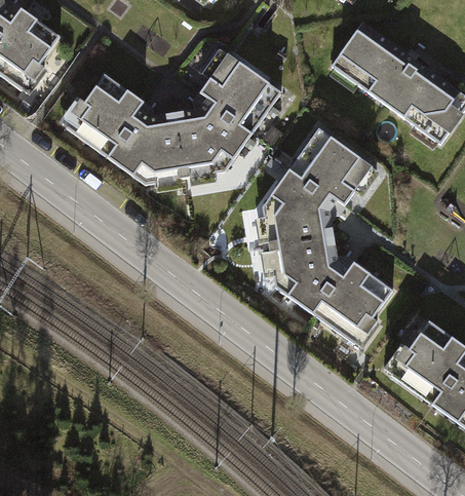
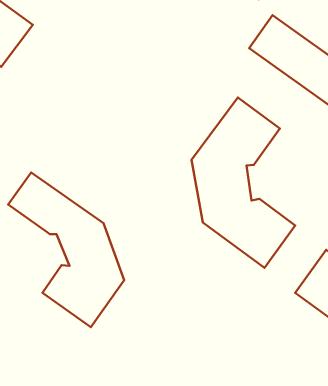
building: [66,52,282,184] -> none
building: none -> [8,172,124,327]

